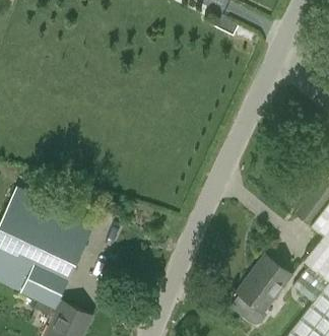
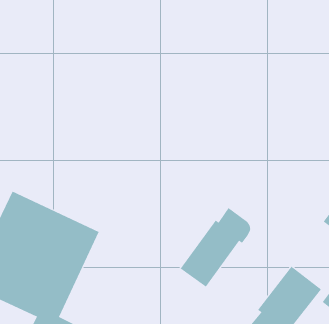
building: none -> [180,207,251,287]

